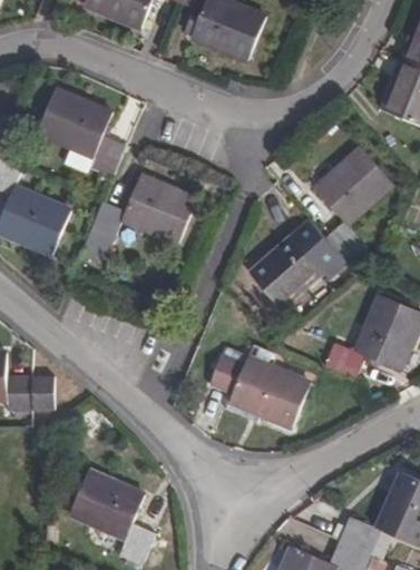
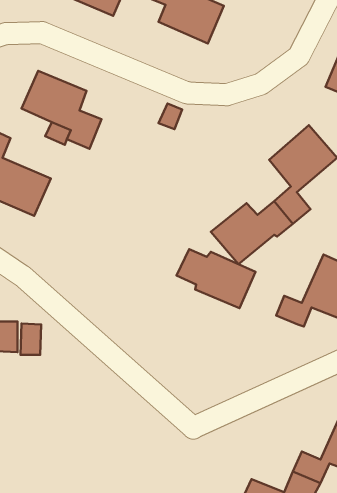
building: [89,176,196,243] -> none
building: [204,353,293,420] -> [176,249,255,308]
building: [74,469,158,558] -> none

